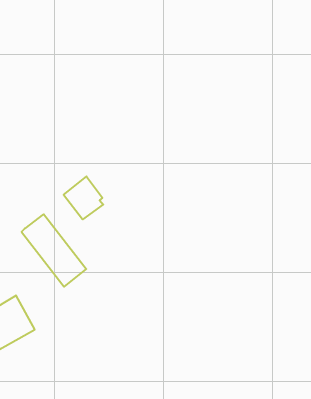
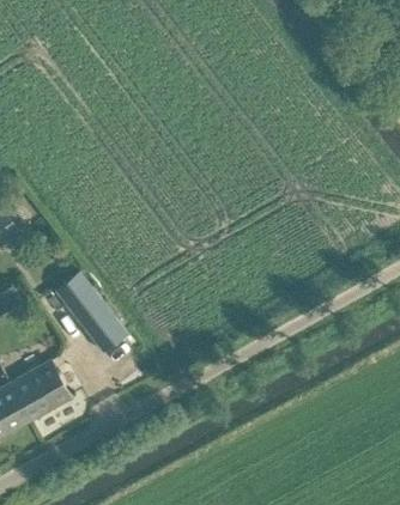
building: [64,176,103,219] -> none

